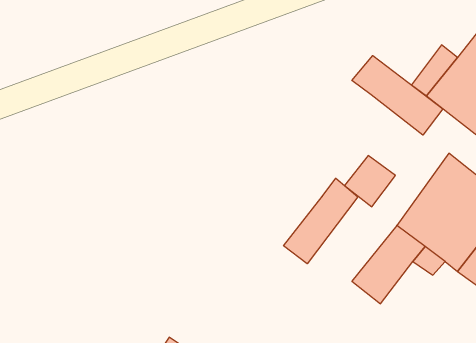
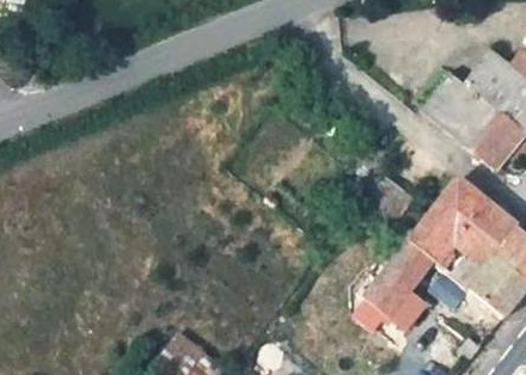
building: [352,56,443,135] -> none
building: [284,178,358,264] -> none

